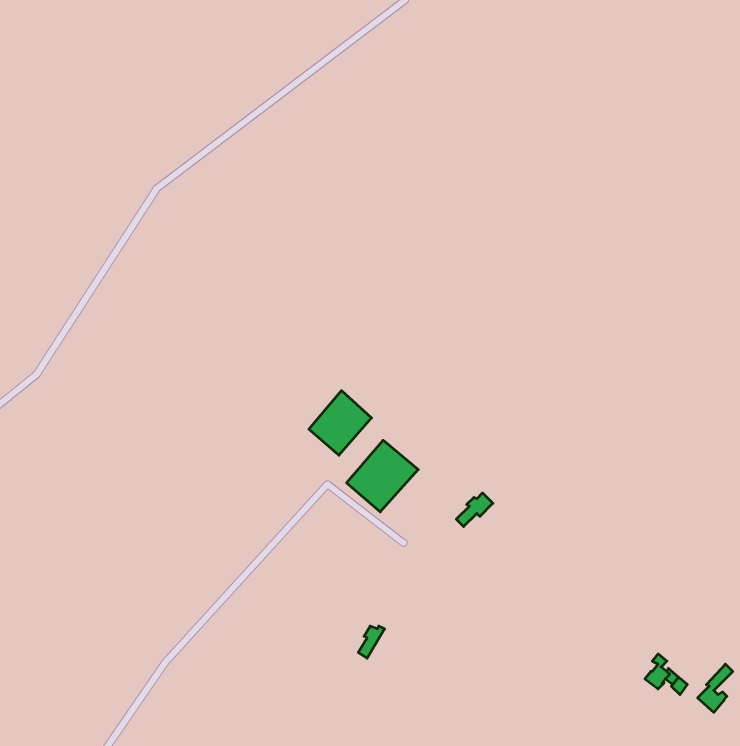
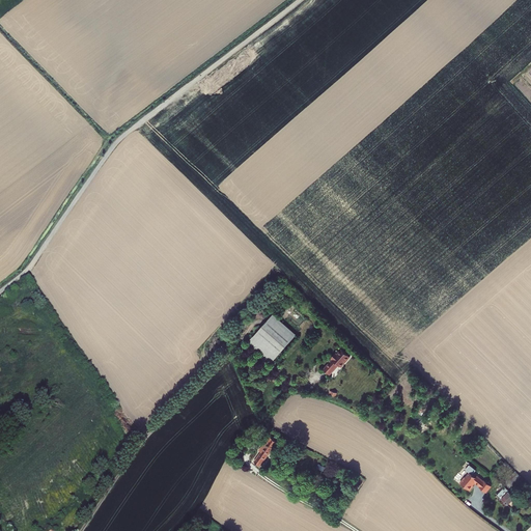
building: [309,391,372,455] -> none

